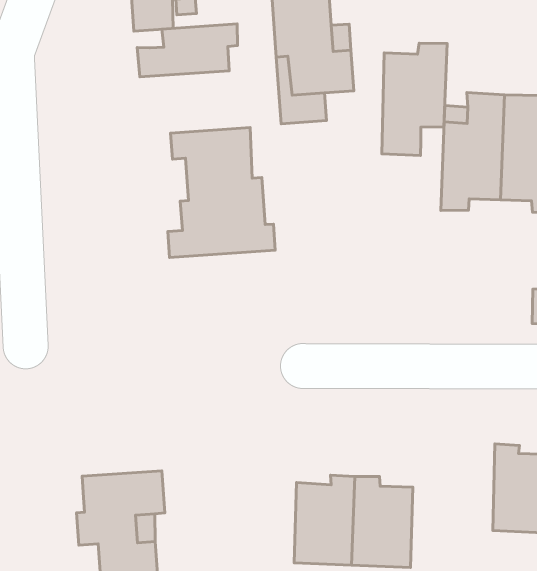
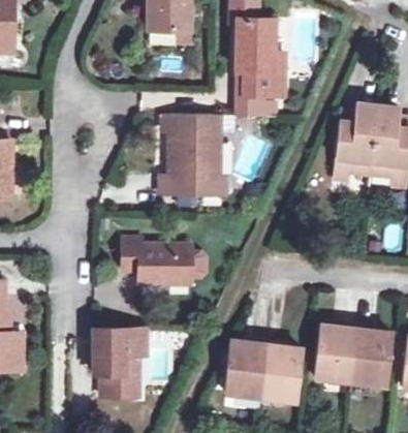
building: [137,24,237,77] -> none
building: [382,43,447,155] -> none
building: none -> [123,240,207,285]
building: none -> [315,324,357,381]

